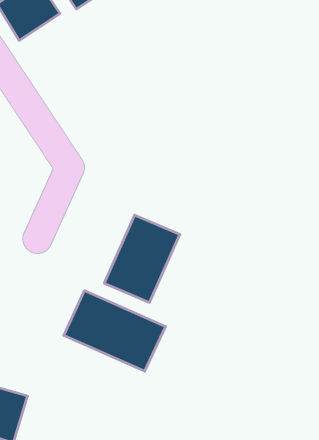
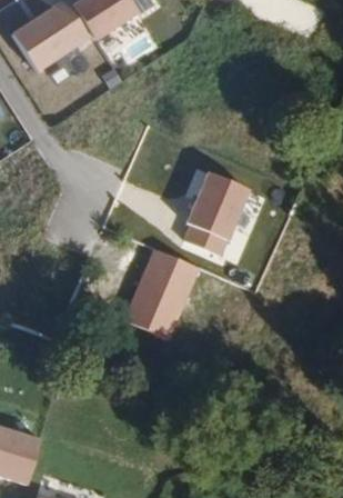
building: none -> [182,173,252,256]
building: [64,291,165,371] -> none

